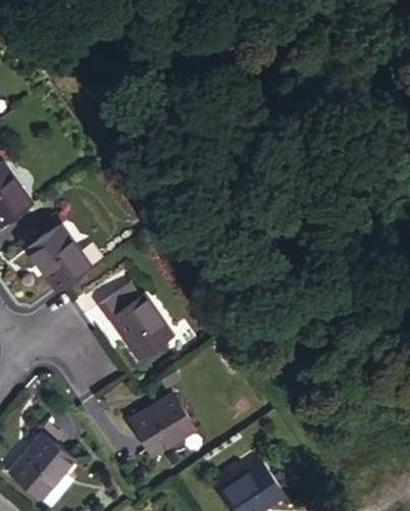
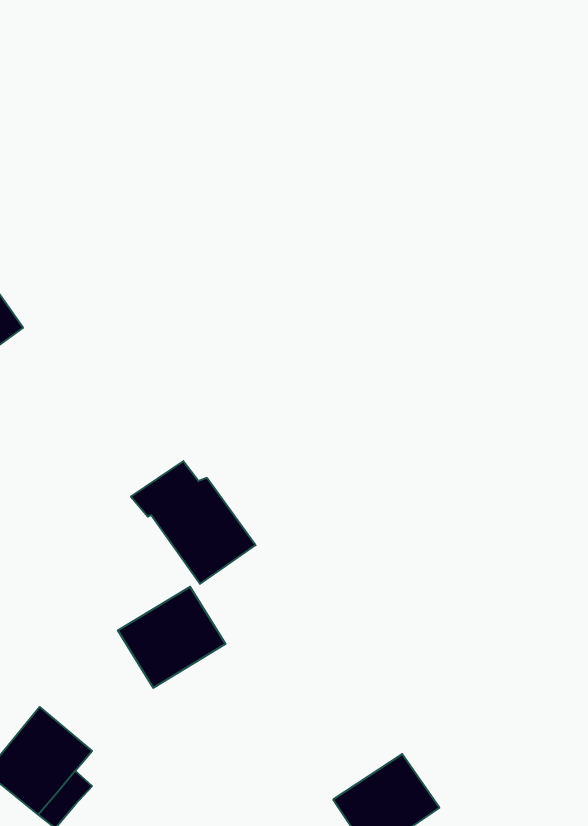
building: [27,224,90,292] -> none
building: [129,394,194,455] -> [118,587,226,688]

